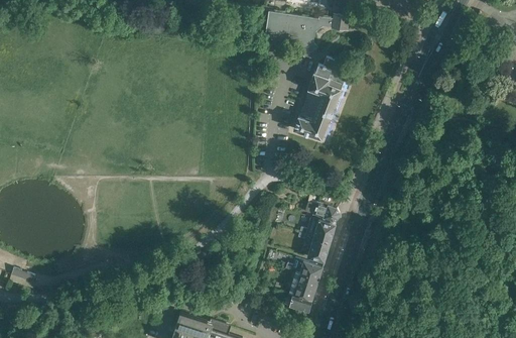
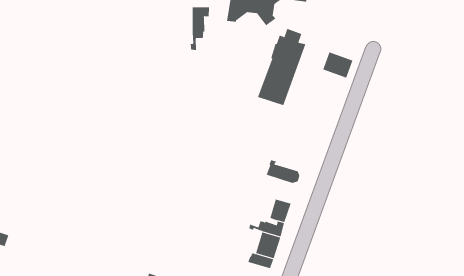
building: none -> [190,7,209,51]
building: none -> [322,51,353,79]
building: [311,217,336,241] -> none

